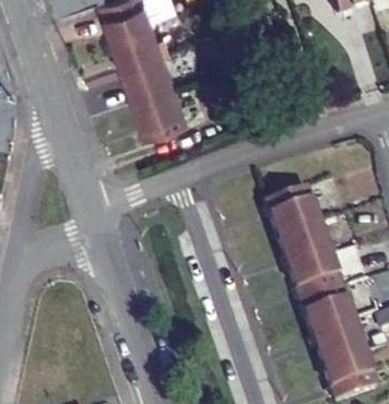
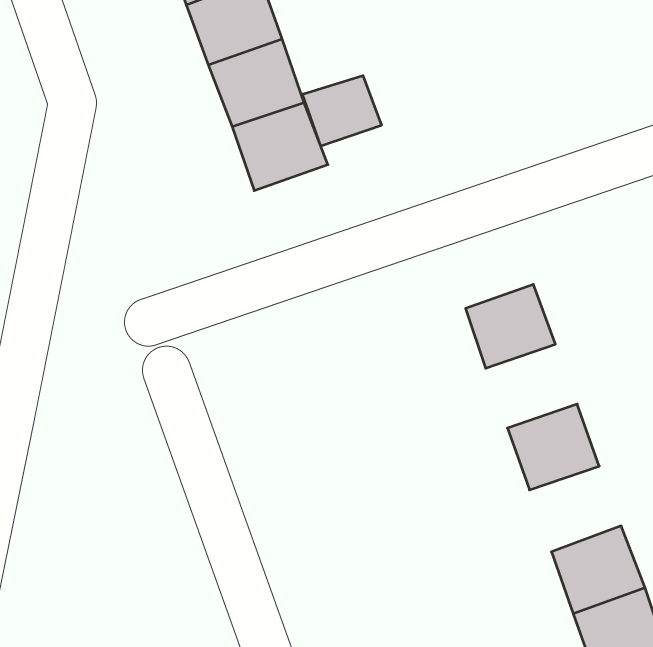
building: none -> [303,76,381,146]
building: [276,217,327,263] -> none
building: [300,284,351,331] -> none

